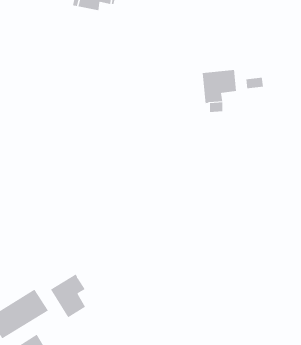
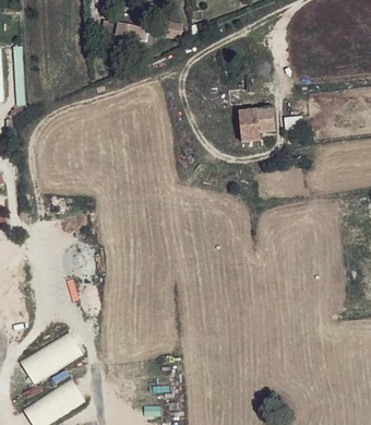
building: [50,273,86,318] -> none

